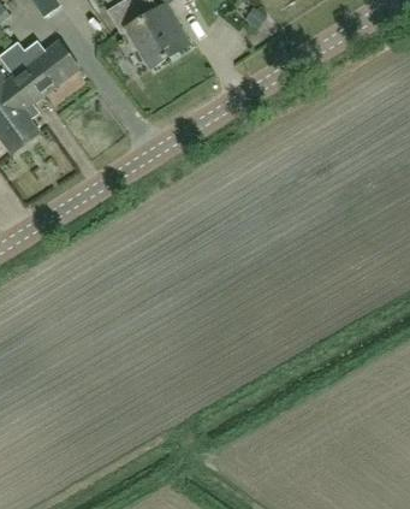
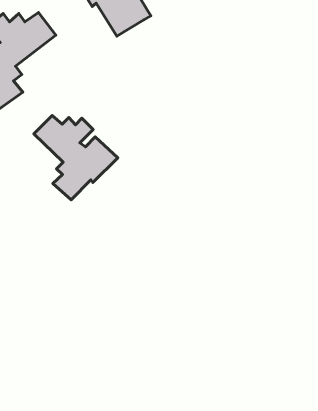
building: none -> [34,115,118,200]

